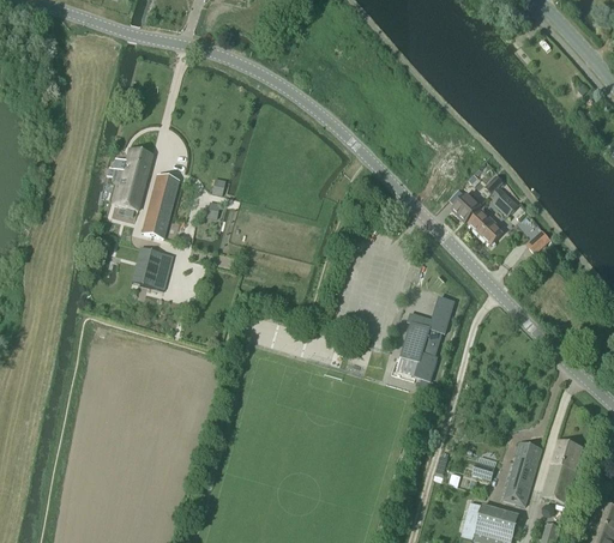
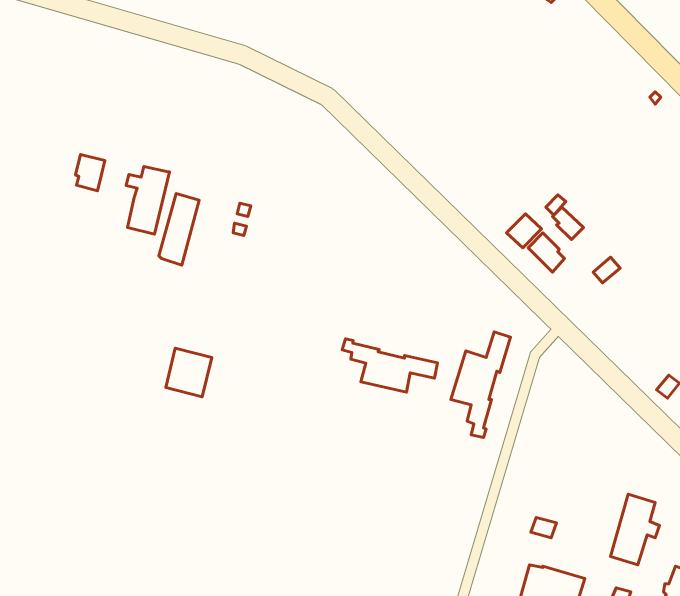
building: none -> [76,155,105,191]
building: [131,247,171,290] -> [166,348,212,397]
building: none -> [342,339,437,392]
building: [502,442,542,506] -> none

